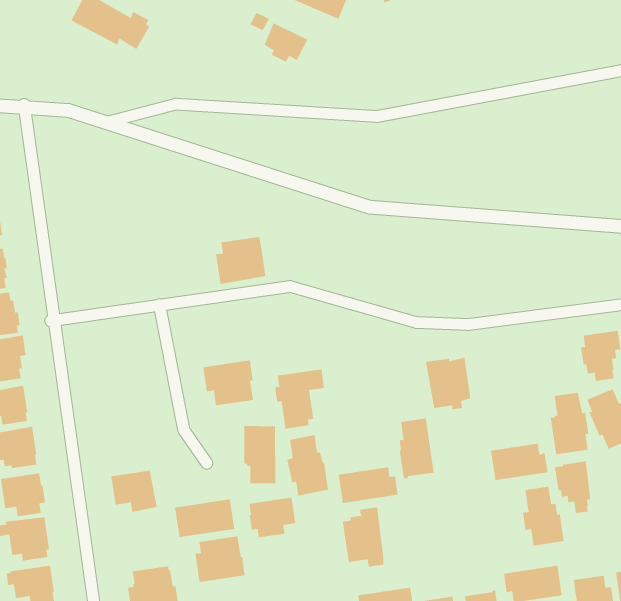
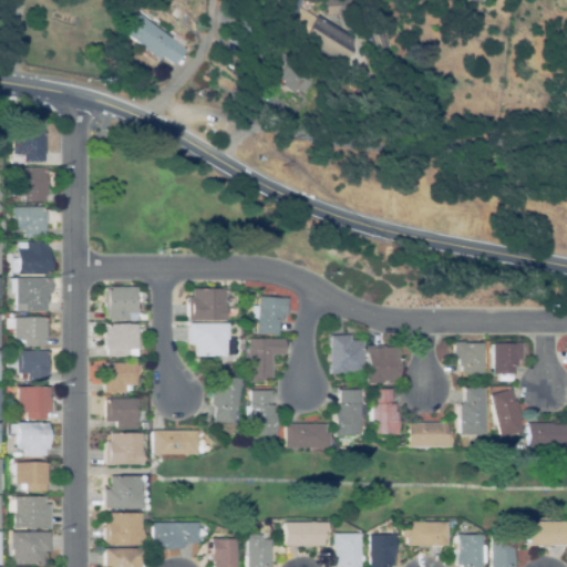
building: [215,236,266,285] -> [190,288,228,321]
building: none -> [254,297,291,336]
building: none -> [106,287,140,320]
building: none -> [456,342,486,374]
building: none -> [332,334,365,374]
building: none -> [107,324,141,357]
building: none -> [106,363,140,393]
building: [555,461,591,514] -> none
building: [522,486,565,546] -> [370,389,400,434]
building: [249,497,296,538] -> none
building: [342,507,384,568] -> none
building: [195,536,246,582] -> [109,433,146,465]

